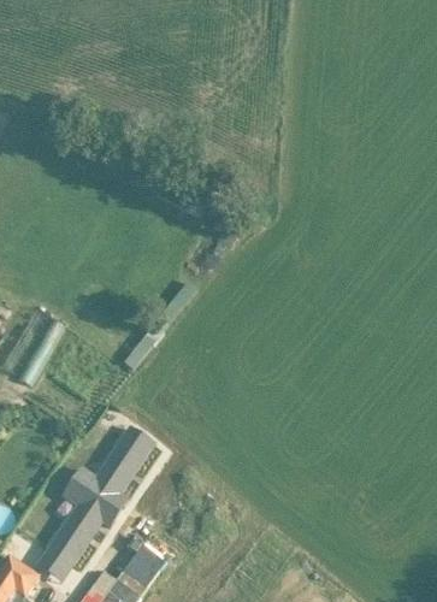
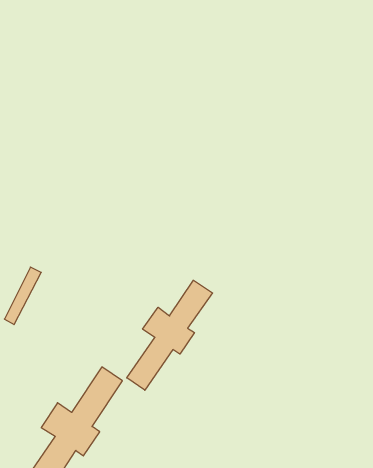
building: none -> [127,280,213,390]

